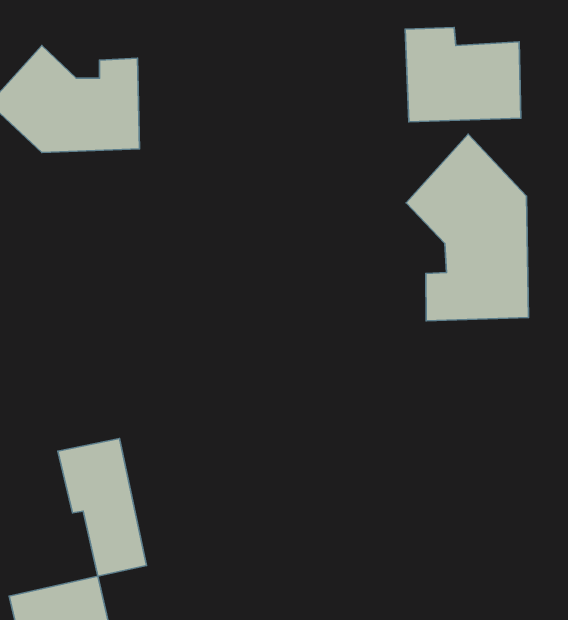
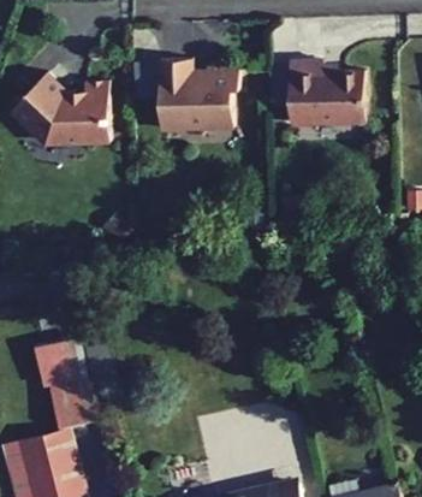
building: none -> [154,63,232,131]
building: [406,134,528,321] -> none

